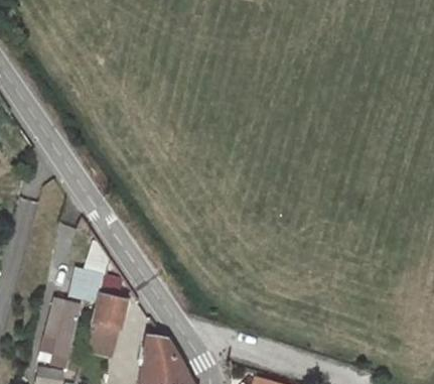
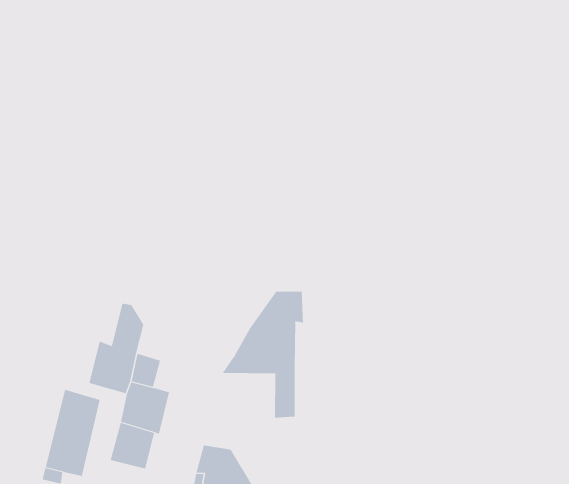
building: none -> [222,291,304,418]

